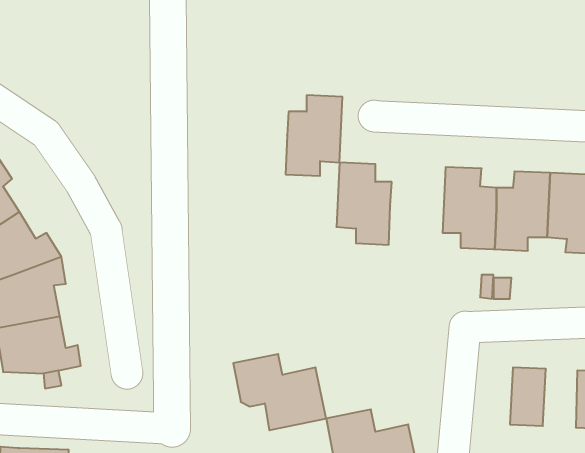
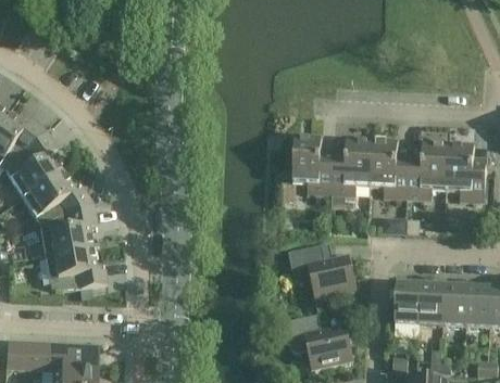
building: [286,95,342,176] -> [330,137,372,195]
building: [233,354,326,430] -> [288,244,355,299]
building: none -> [395,282,421,324]
building: none -> [442,284,467,327]

